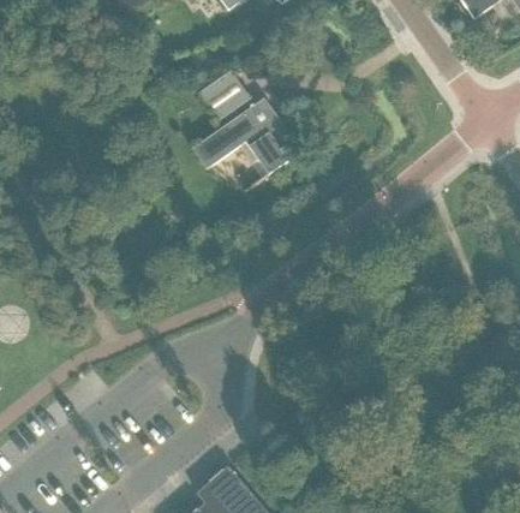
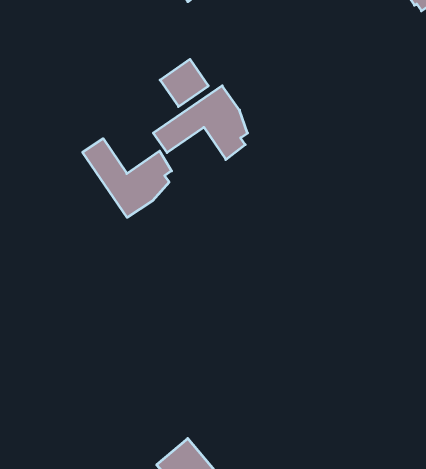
building: none -> [83,139,172,217]

